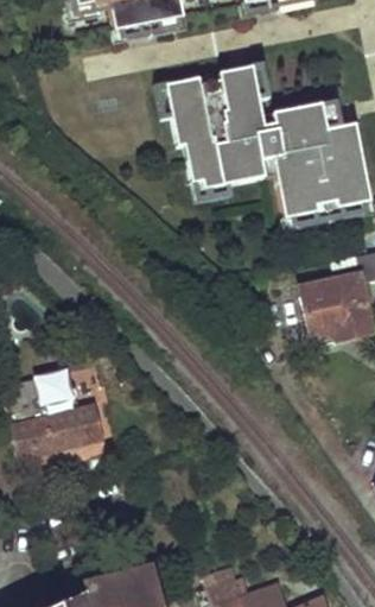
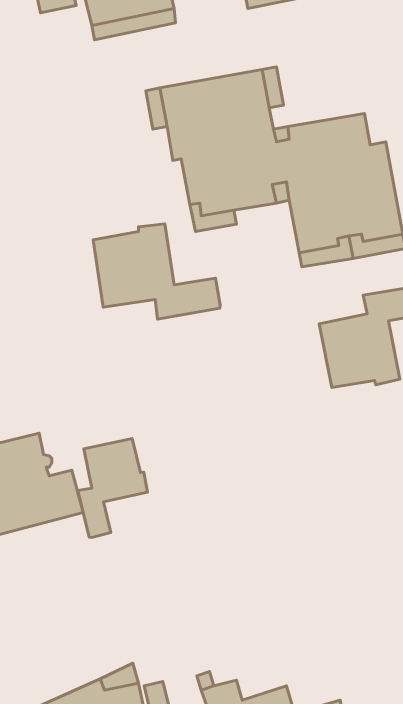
building: none -> [93,224,220,319]
building: none -> [78,439,148,537]

